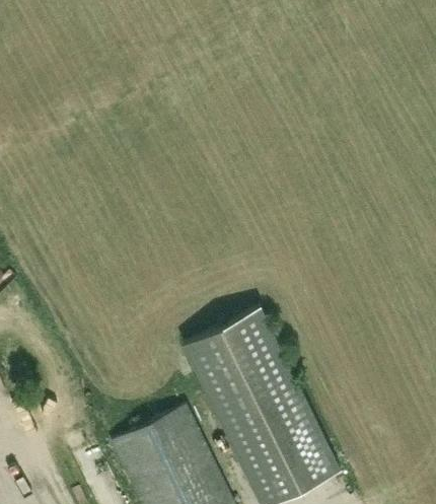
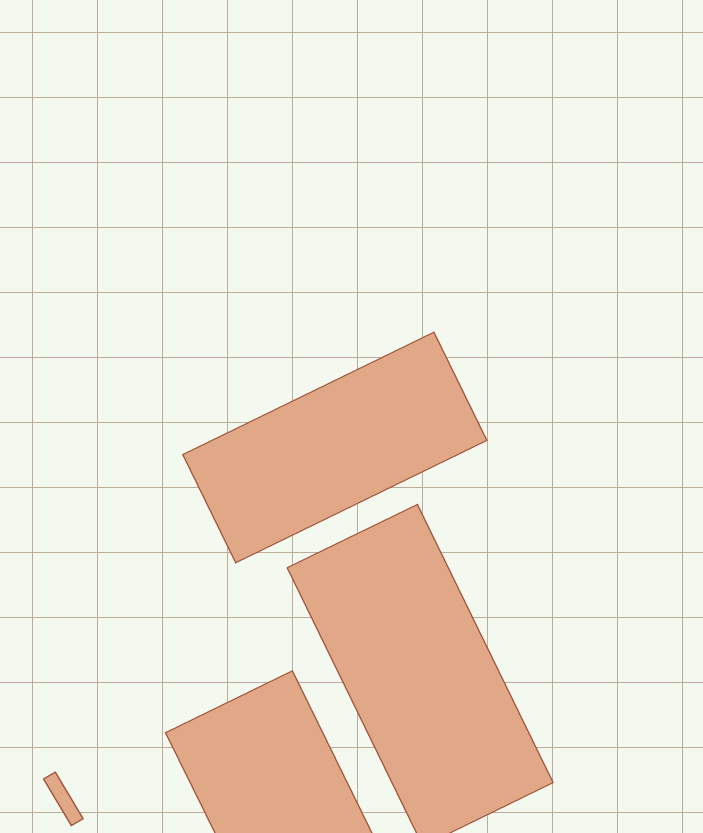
building: none -> [183,332,487,563]

